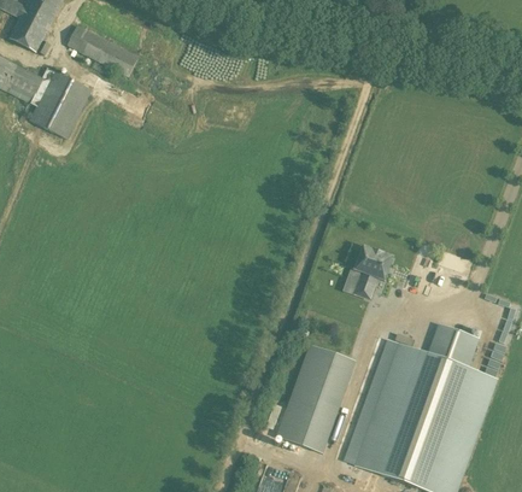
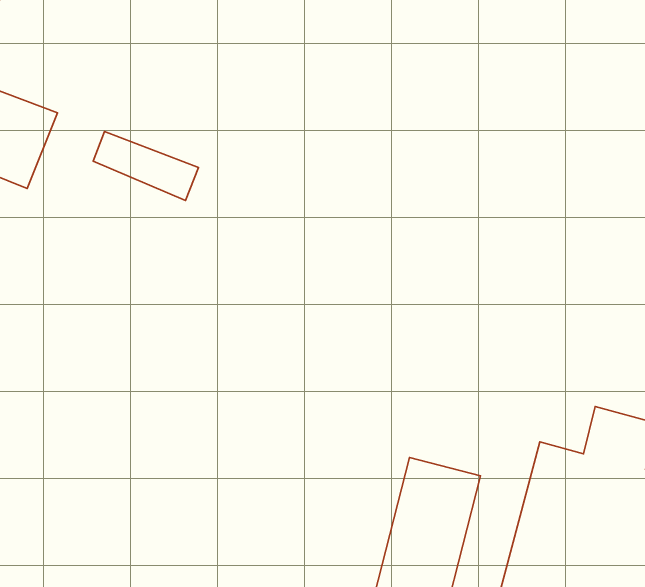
building: [68,24,139,76] -> [93,132,199,201]
building: [353,246,392,298] -> none

